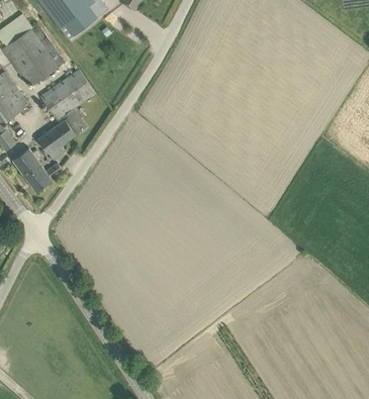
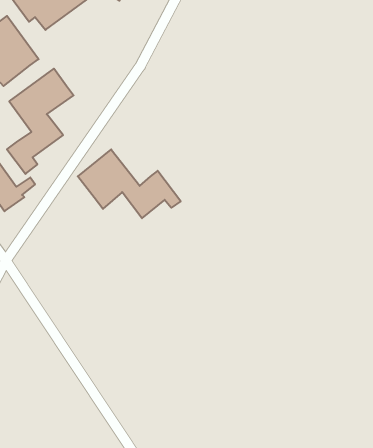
building: none -> [78,149,181,218]

